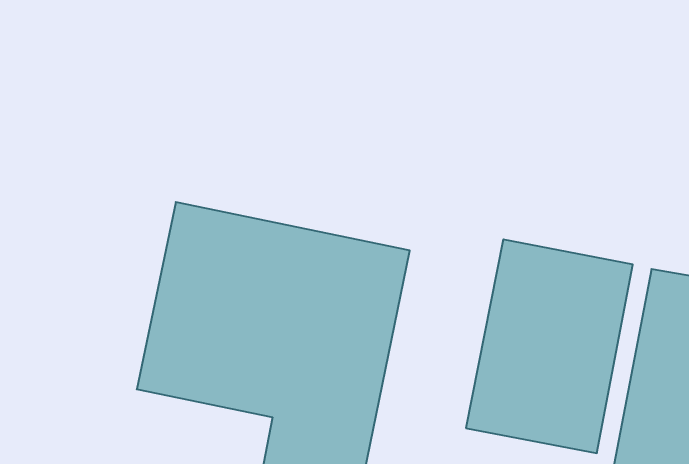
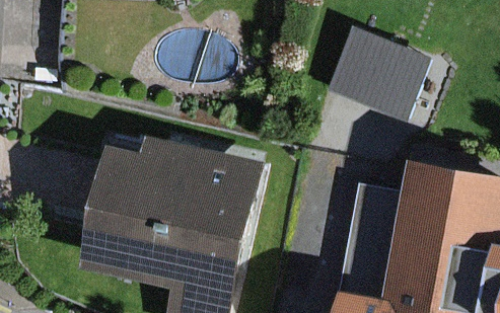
building: none -> [332,28,436,127]

